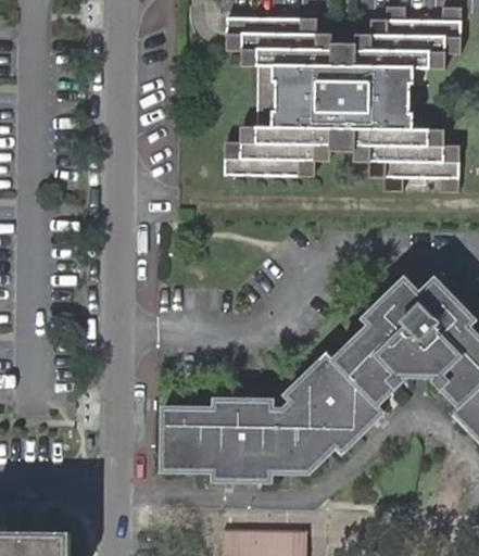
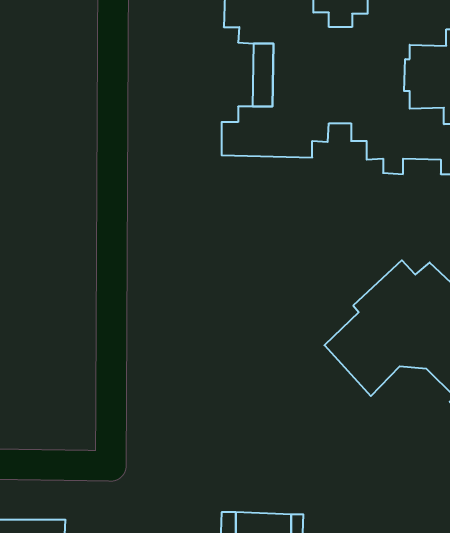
building: [155,354,377,484] -> none

